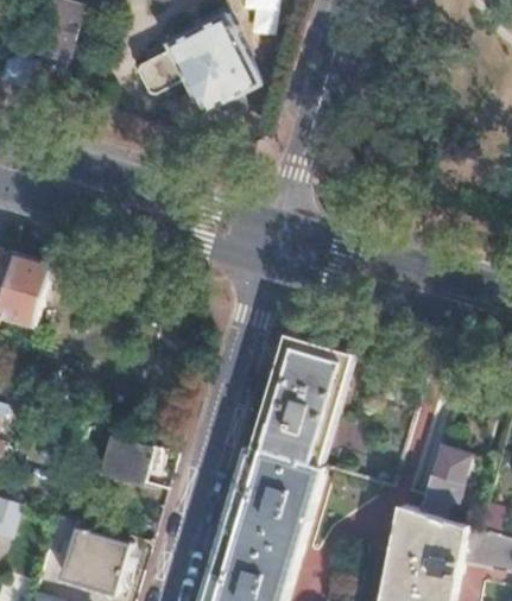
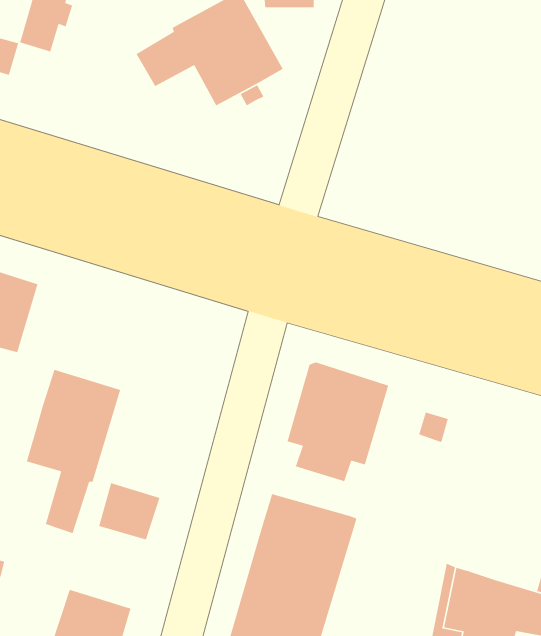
building: none -> [26,369,121,534]
building: [252,401,333,464] -> none
building: [422,445,470,519] -> none

